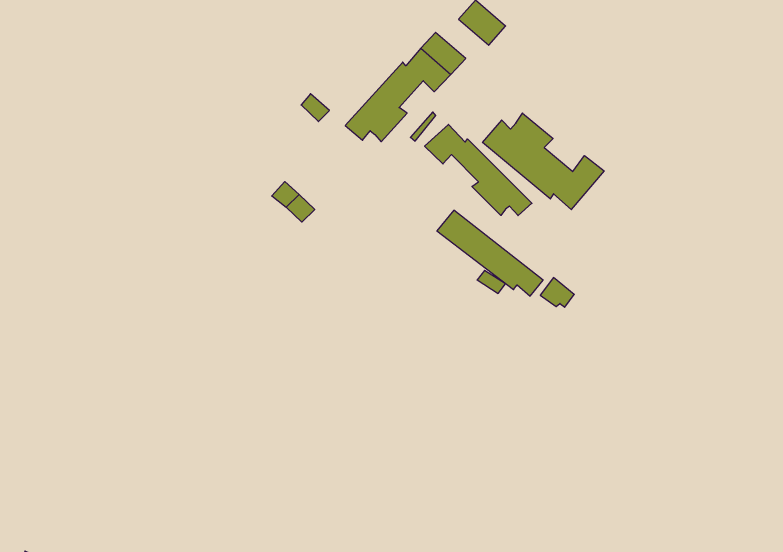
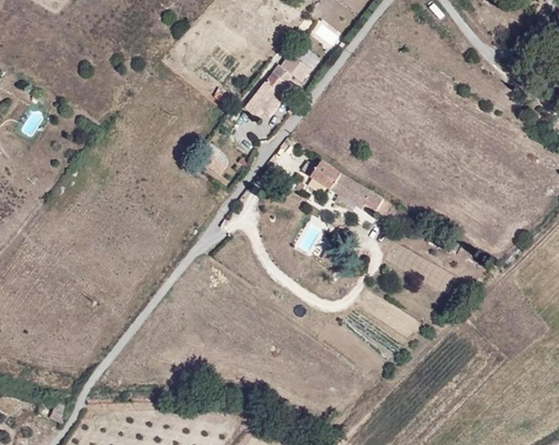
building: [483,113,604,210] -> none
building: [425,124,532,216] -> none

